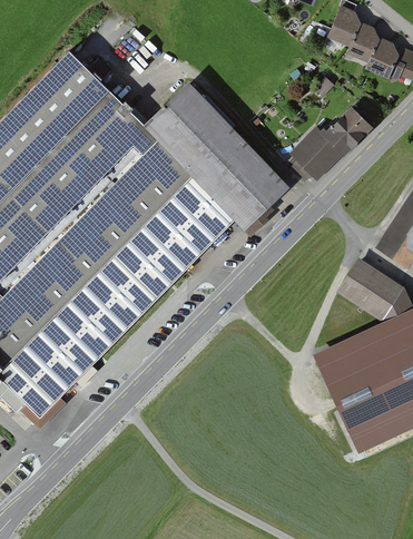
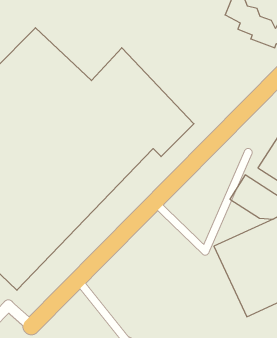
building: [291,105,373,180] -> none

